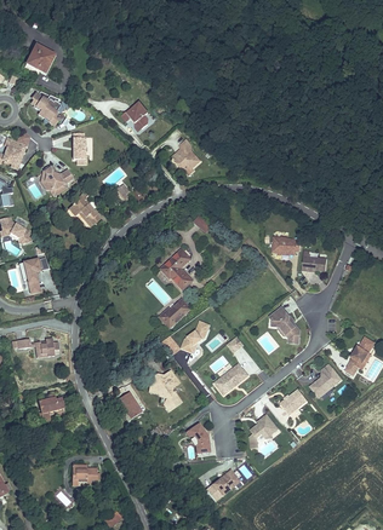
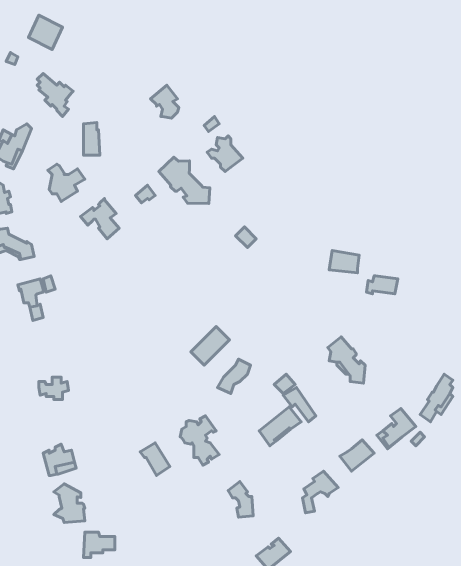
building: none -> [159,157,210,204]
building: [160,249,192,288] -> none
building: none -> [54,484,85,523]

